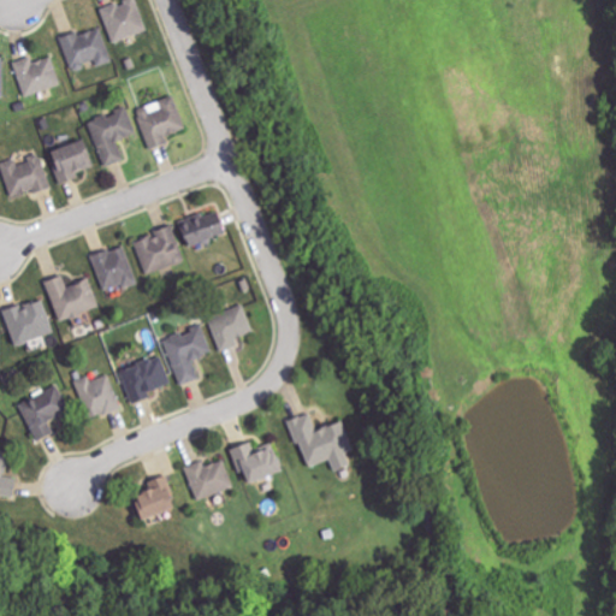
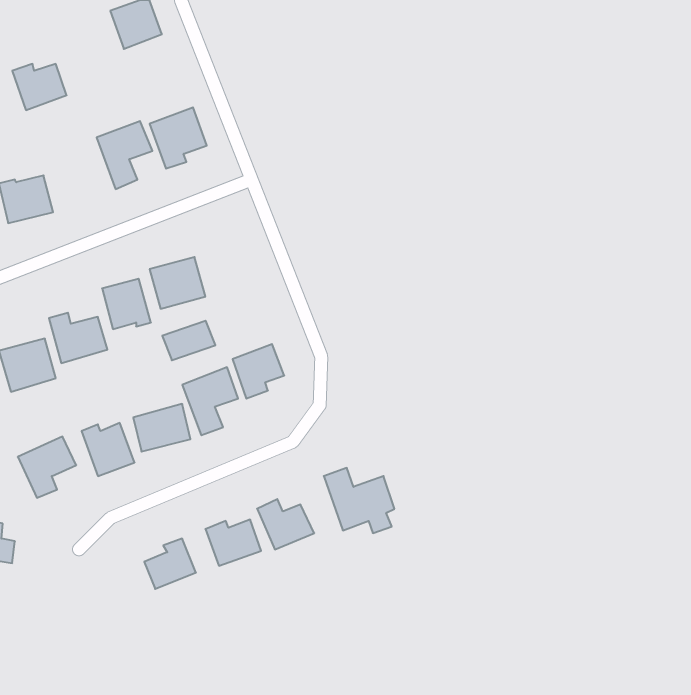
building: [57,28,109,71] -> none
building: [46,140,90,184] -> none
building: [176,212,223,247] -> [162,321,215,360]

